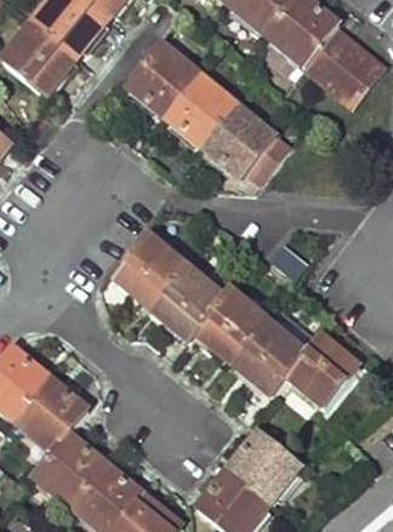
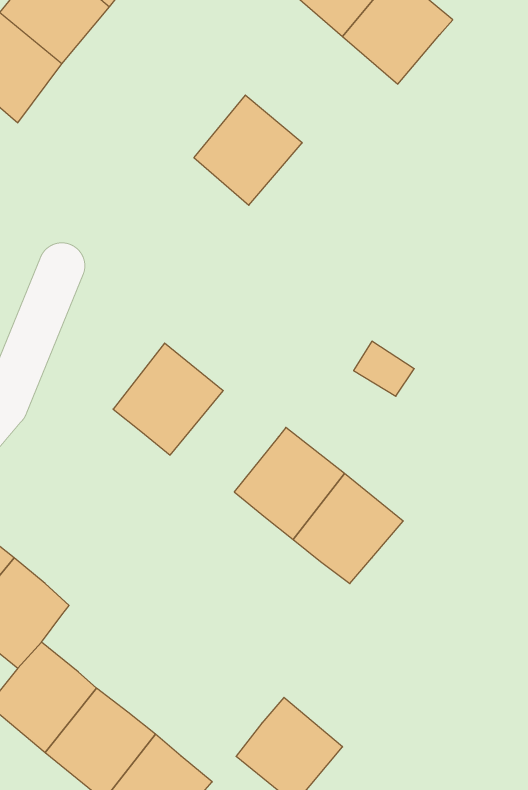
building: [301,32,375,104] -> none
building: [129,41,200,113] -> none
building: [203,103,287,179] -> none
building: [150,267,222,339] -> none
building: [284,334,357,408] -> none
building: [226,433,295,502] -> none

